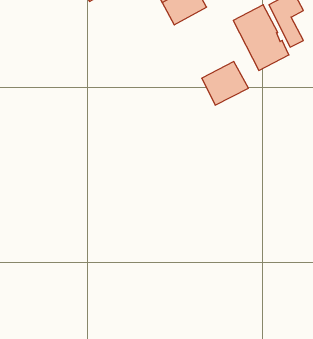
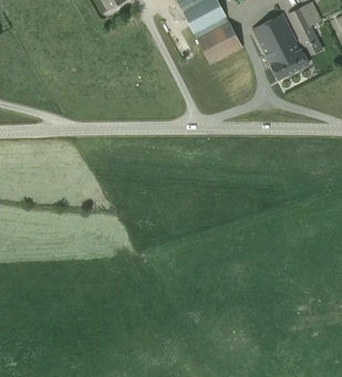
building: [202,62,248,105] -> [196,21,242,64]

